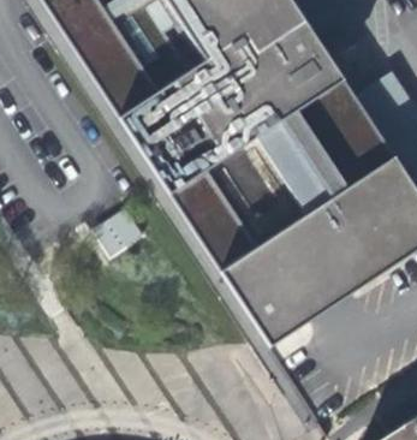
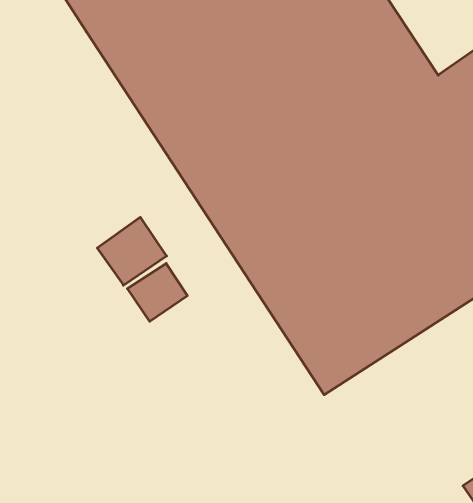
building: none -> [127,263,187,321]

